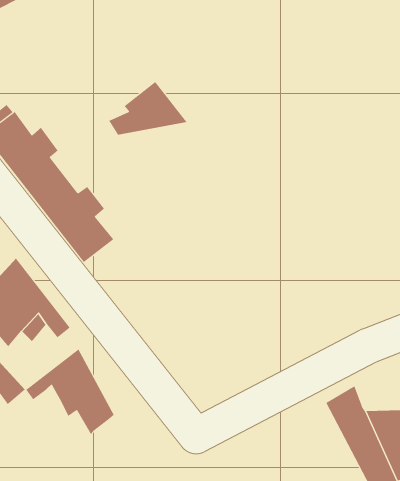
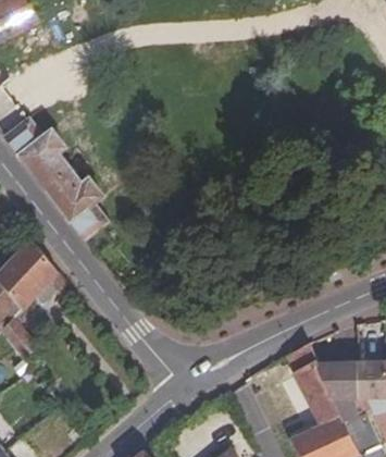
building: [109,81,188,136] -> none
building: [25,349,115,435] -> none

